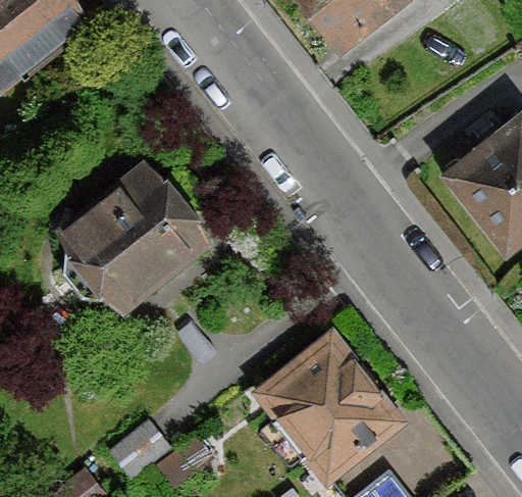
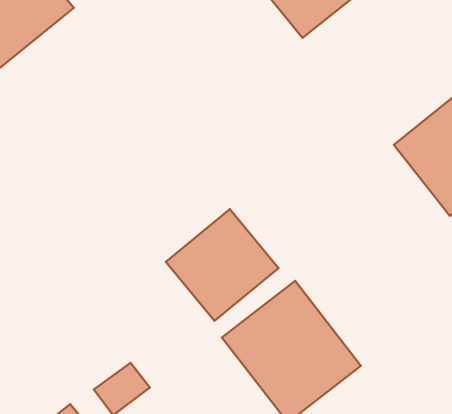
building: [54,160,210,315] -> none
building: none -> [166,209,278,321]

